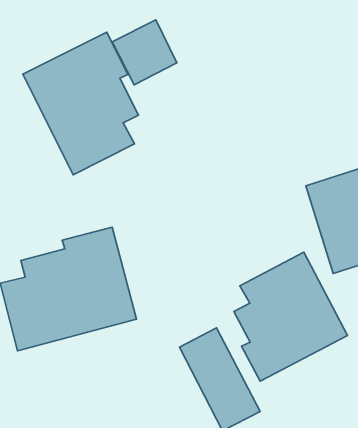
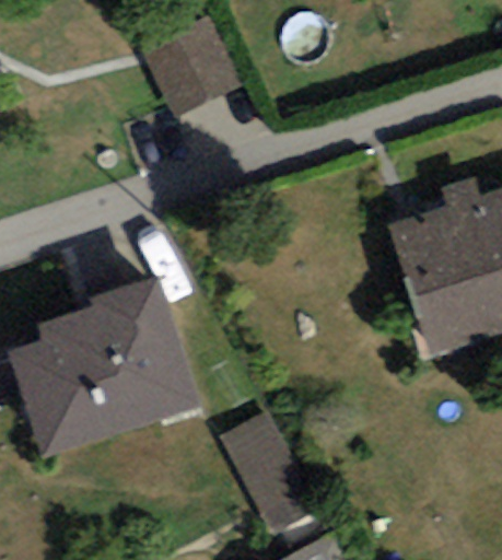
building: [23,32,138,175] -> none
building: [234,252,347,381] -> none

